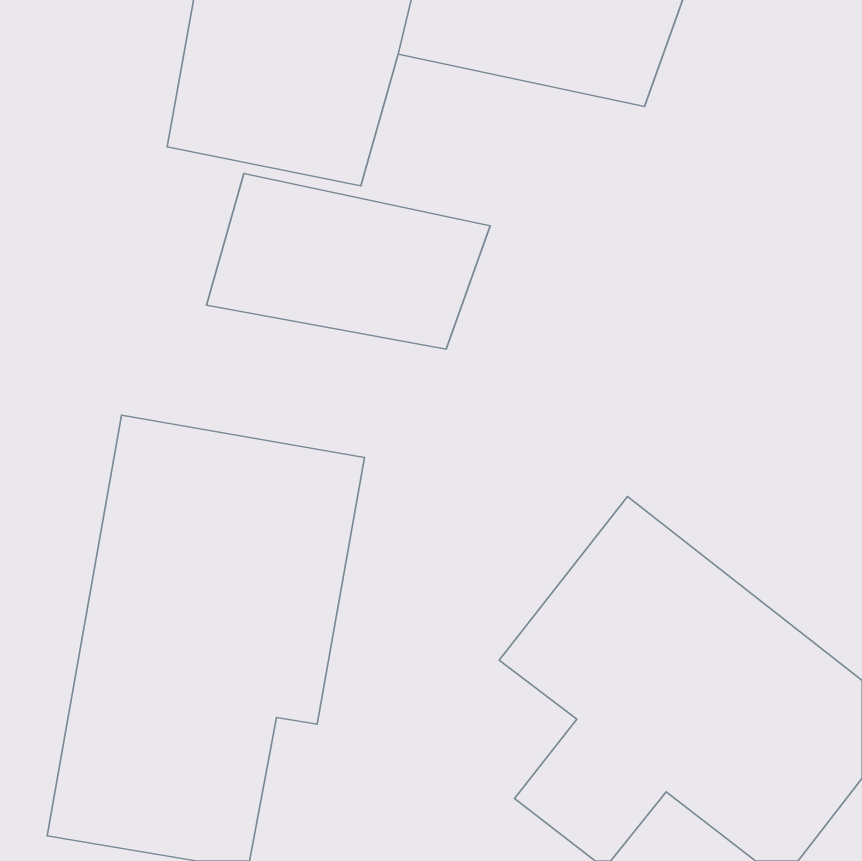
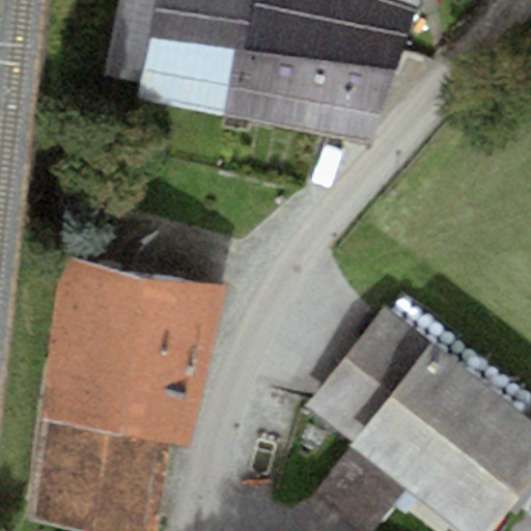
building: [207,173,490,349] -> [222,33,396,141]

